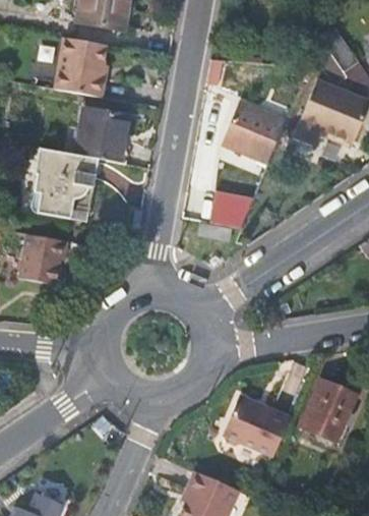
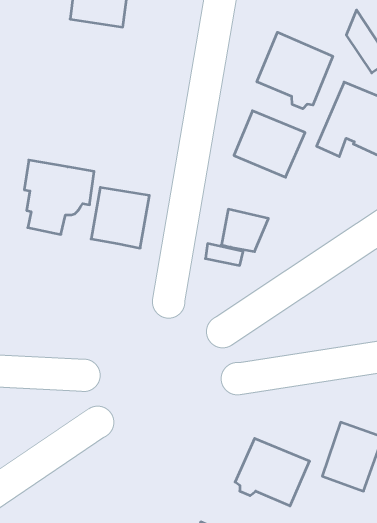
building: none -> [257,32,333,109]
building: [55,38,106,98] -> none
building: [74,109,126,163] -> [91,187,149,248]
building: [25,234,73,284] -> none

